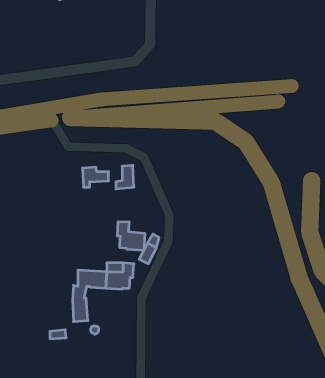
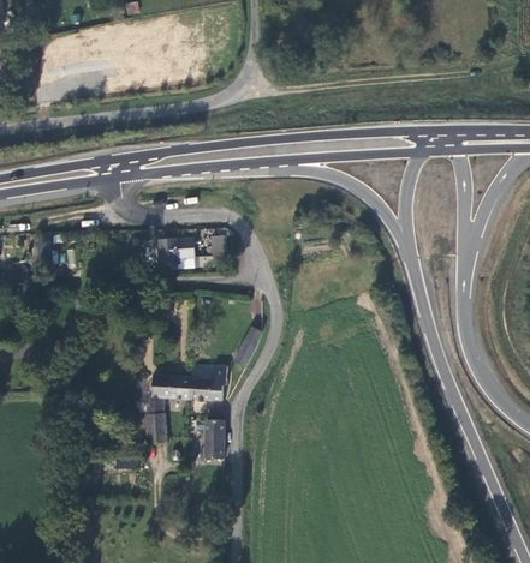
building: [117,222,145,250] -> none
building: none -> [200,419,224,460]

